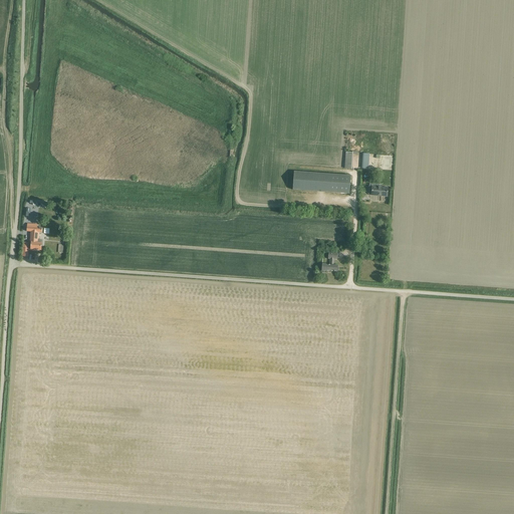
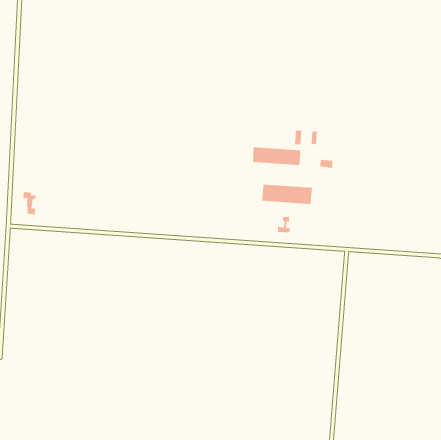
building: none -> [262,184,312,205]

